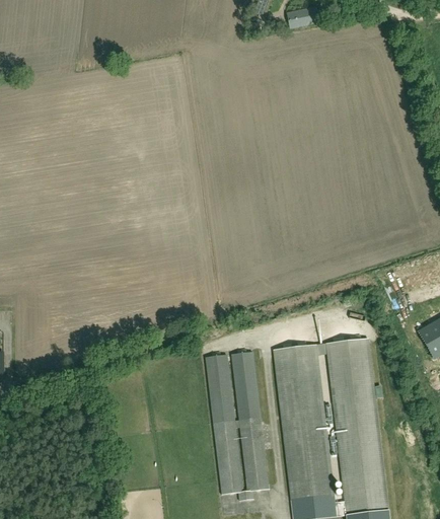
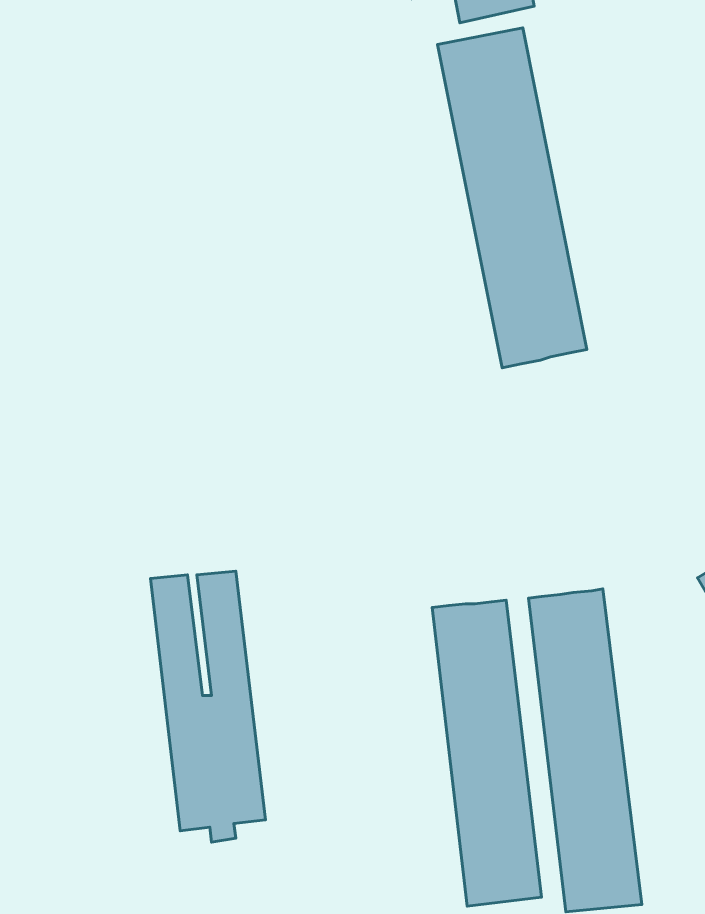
building: none -> [437,28,587,368]
building: [206,353,269,501] -> [150,571,265,842]

